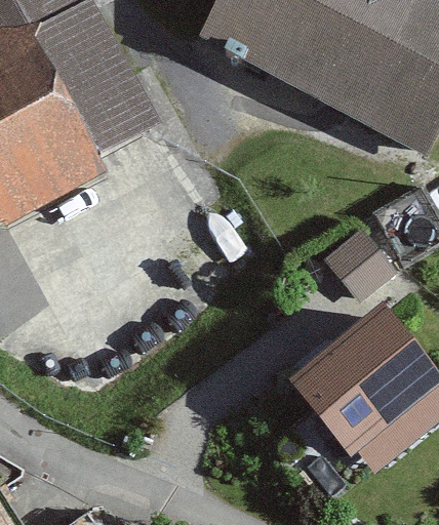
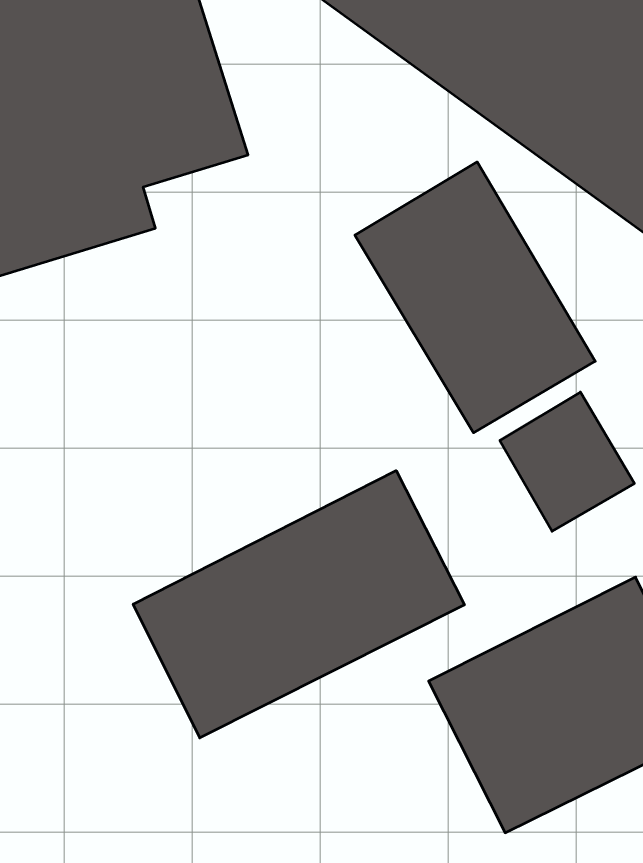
building: none -> [355,162,595,433]
building: none -> [133,471,464,738]

